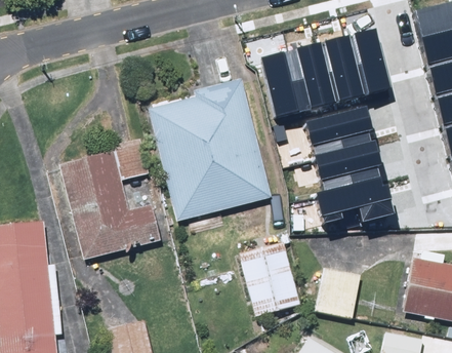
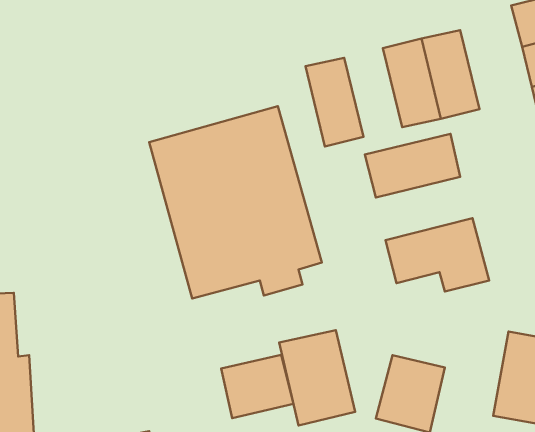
building: [289,38,332,104] -> none
building: [313,133,384,181] -> none
building: [52,148,158,264] -> none
building: none -> [221,355,293,418]

